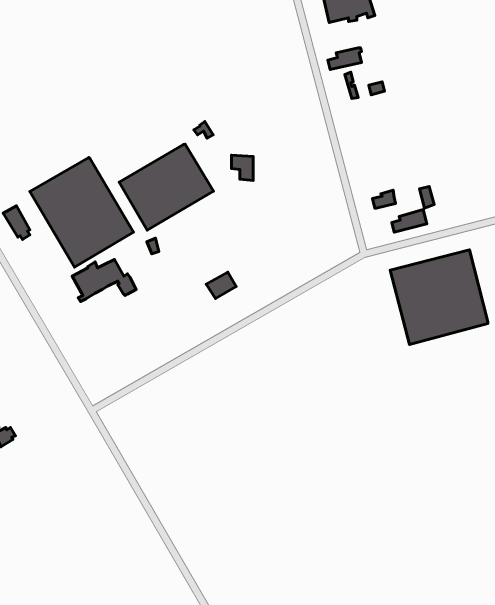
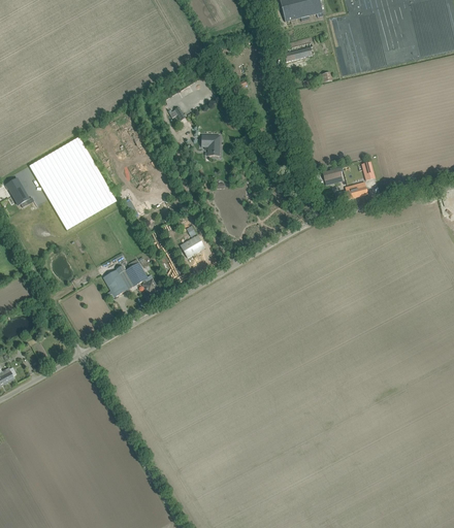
building: [119,144,214,230] -> none
building: [390,250,488,345] -> none
building: [72,259,136,302] -> [102,262,157,298]

